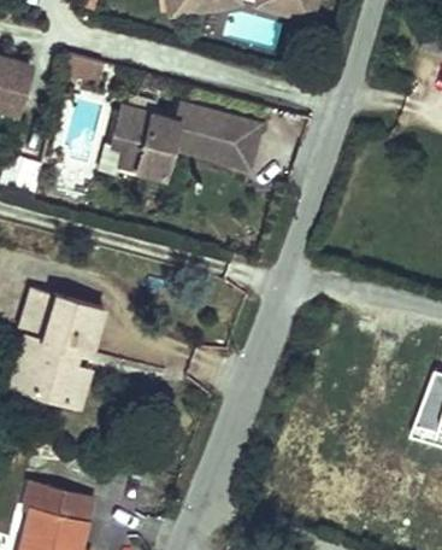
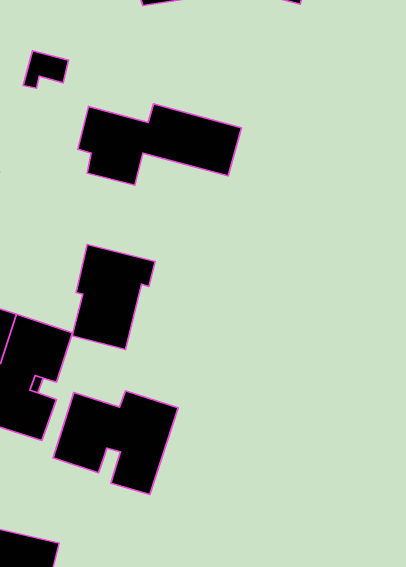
building: none -> [72,245,155,350]
building: none -> [53,391,178,495]

